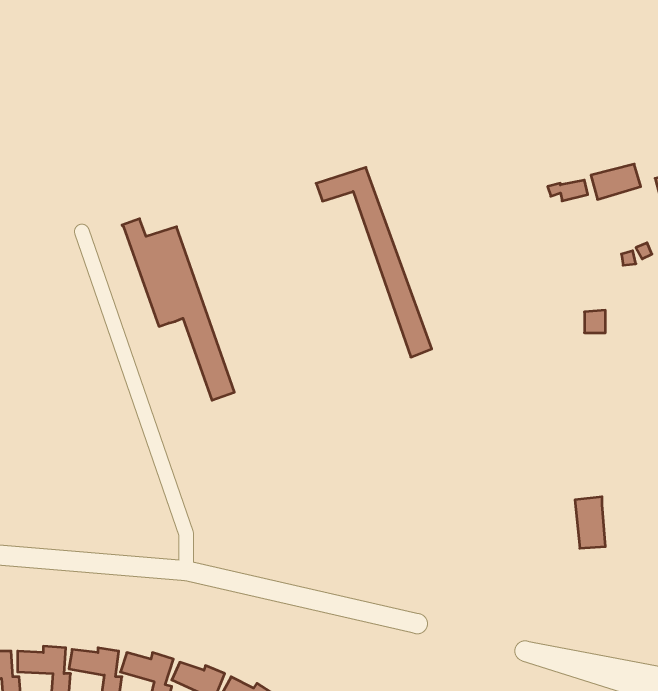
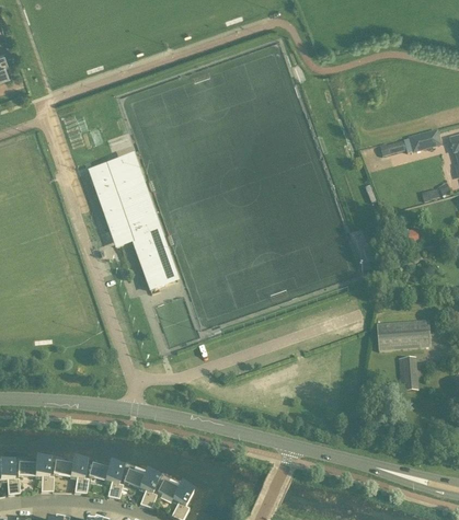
building: [316,167,432,357] -> [101,154,180,284]
building: none -> [377,319,432,349]

